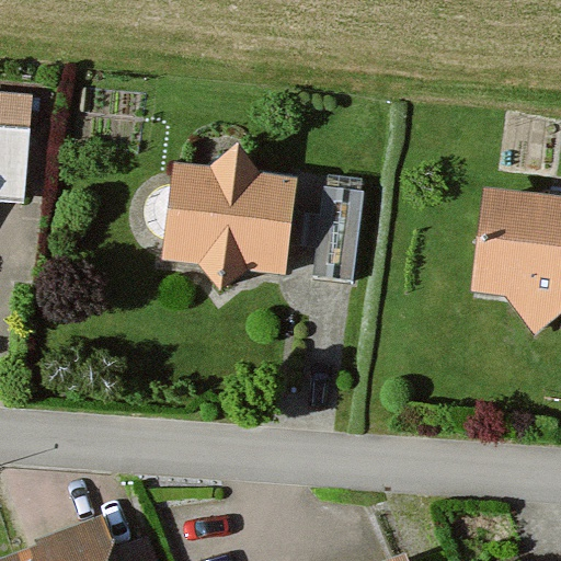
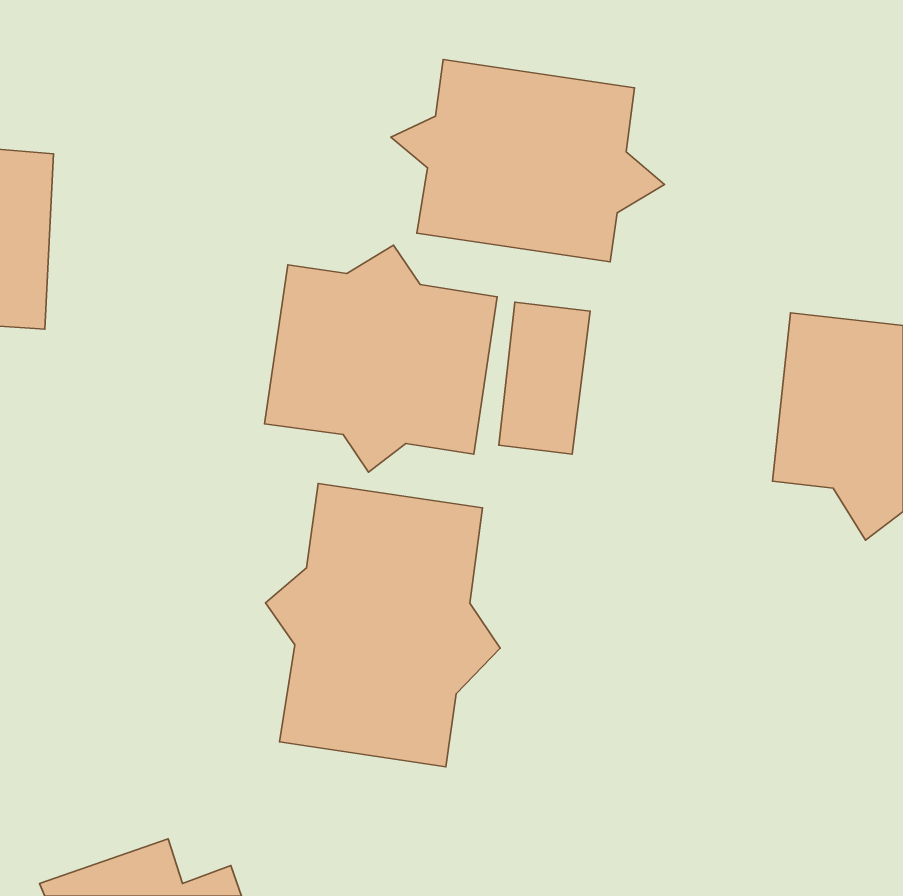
building: none -> [391,59,664,262]
building: none -> [266,484,500,767]

